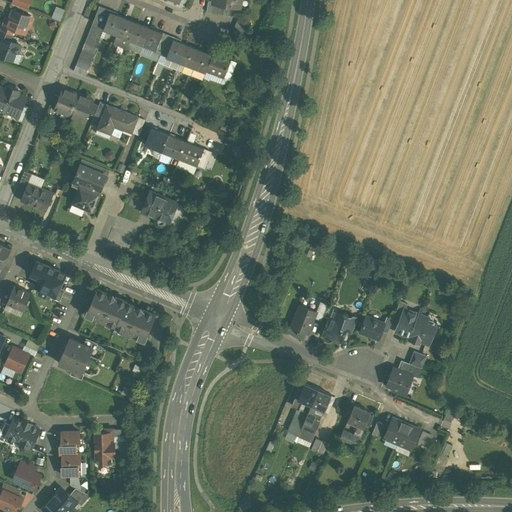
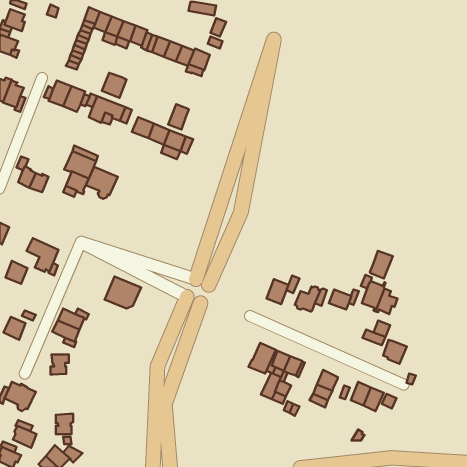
building: none -> [102,73,127,98]
building: none -> [168,104,189,129]
building: [141,192,176,227] -> [86,167,118,199]
building: none -> [370,251,393,278]
building: [88,290,125,327] -> none
building: [386,369,412,395] -> [383,340,407,364]
building: none -> [249,343,276,374]
building: [59,432,79,454] -> [51,354,69,375]
building: [95,433,114,463] -> none

